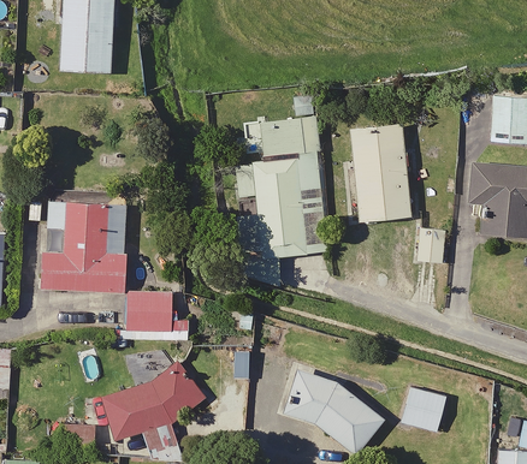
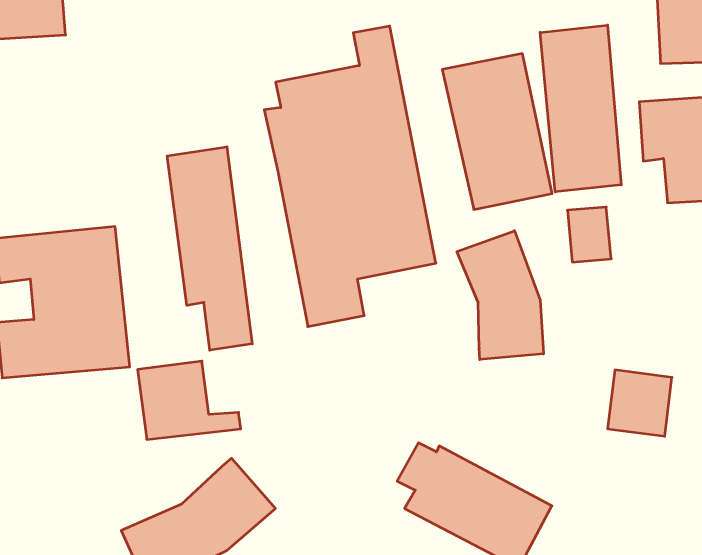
building: none -> [540,25,621,192]
building: none -> [167,147,252,350]
building: none -> [457,231,543,360]
building: [399,387,445,434] -> [608,370,672,436]

